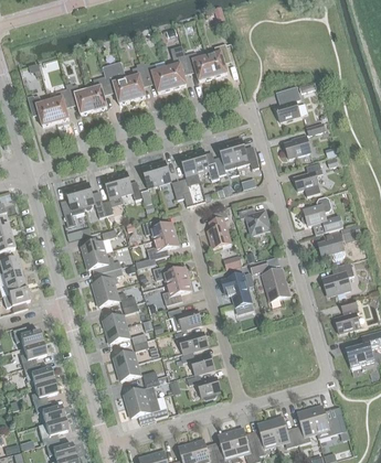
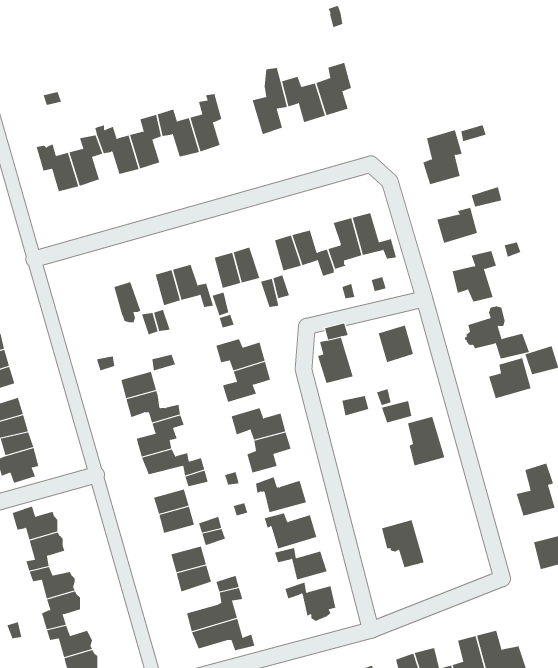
building: [142,61,172,91] -> none
building: [62,185,84,226] -> none
building: [322,261,353,295] -> none
building: [223,273,251,304] -> [381,519,424,568]

